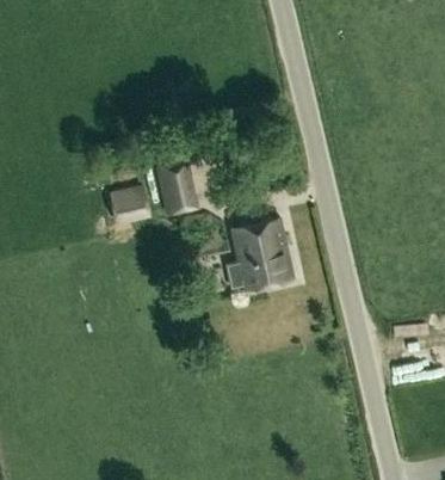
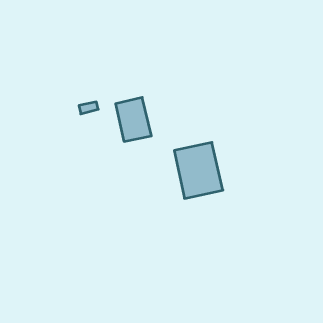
building: [111,185,153,226] -> none

